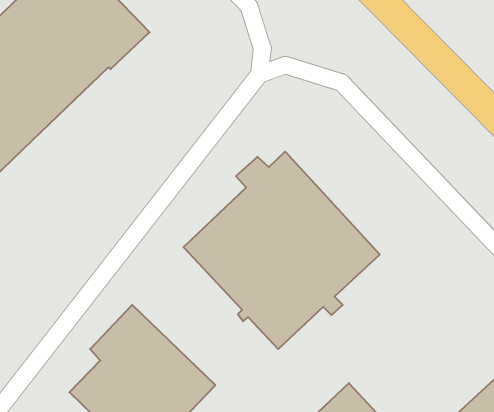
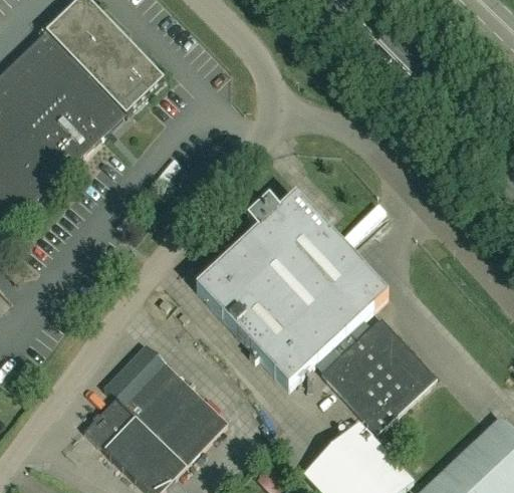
building: none -> [321,317,436,433]

